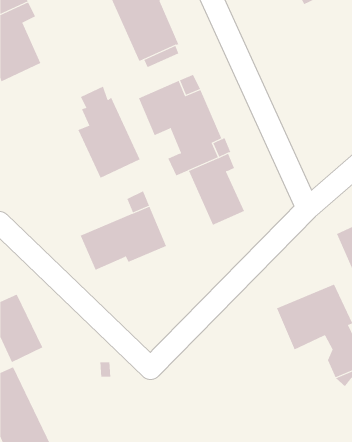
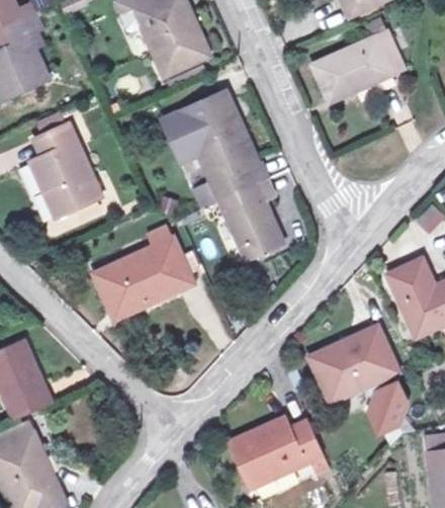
building: none -> [312,30,391,98]
building: [78,86,140,178] -> [30,110,101,215]
building: none -> [237,418,335,489]

